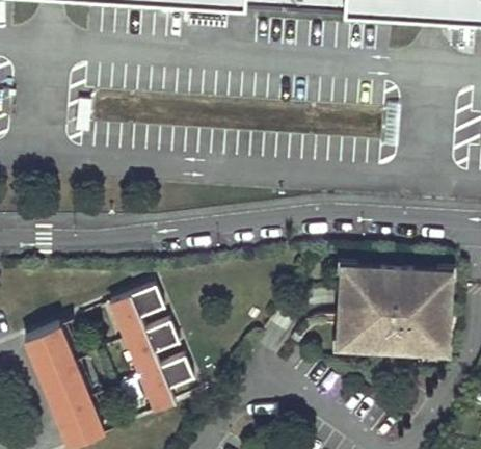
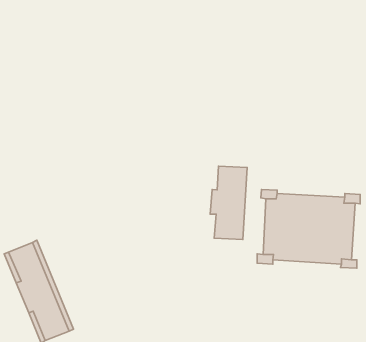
building: none -> [210,166,247,239]
building: [109,283,190,410] -> none

